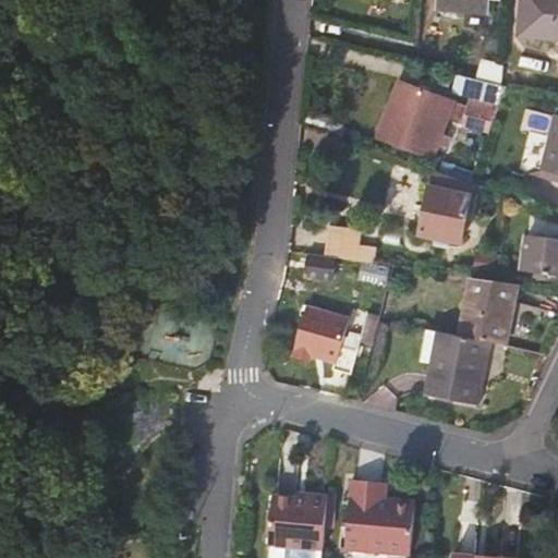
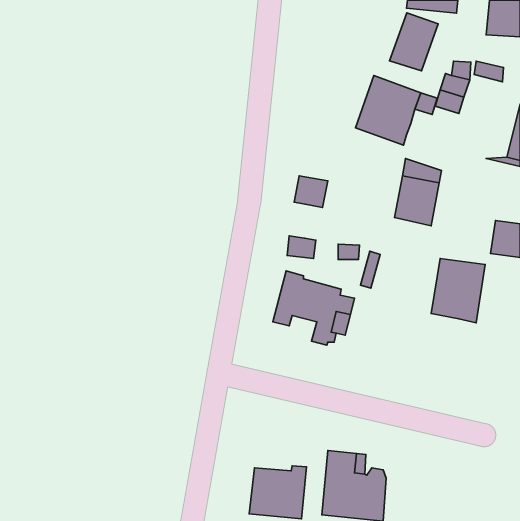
building: none -> [390,13,438,71]
building: [325,227,361,260] -> [294,176,328,207]
building: [426,330,489,403] -> none

